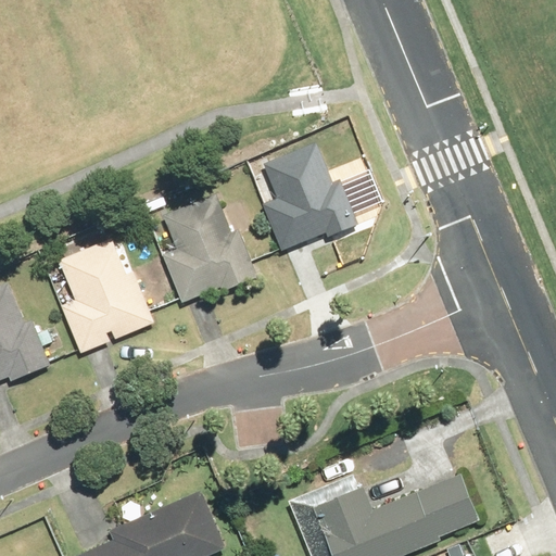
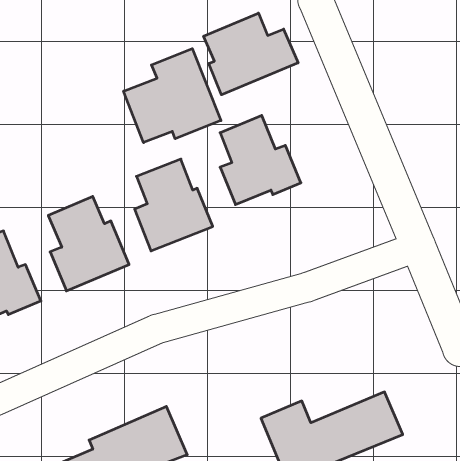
building: none -> [204,13,298,95]
building: none -> [124,49,221,143]

